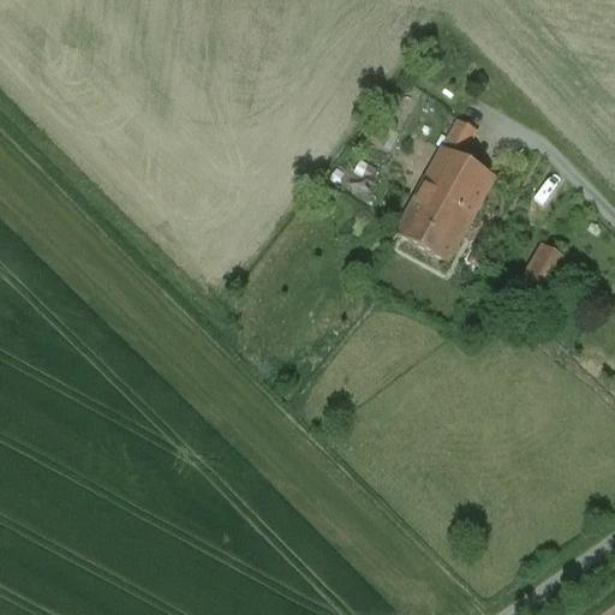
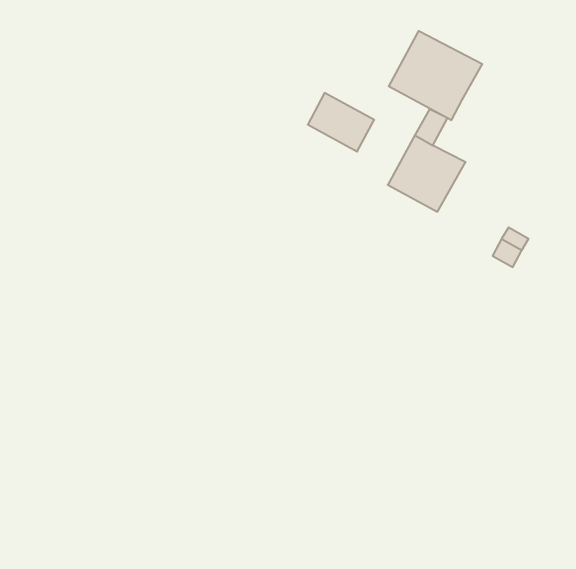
building: none -> [389,31,482,120]
building: [395,197,466,259] -> [308,93,374,152]

